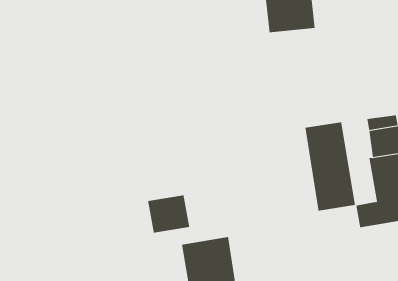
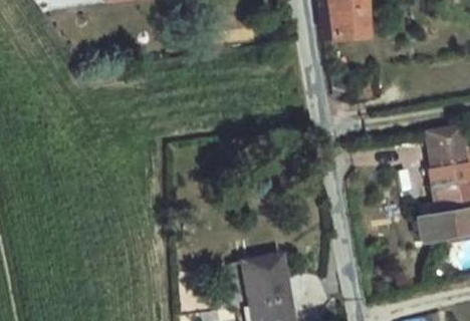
building: [305,121,356,211] -> none
building: [148,195,190,233] -> none

